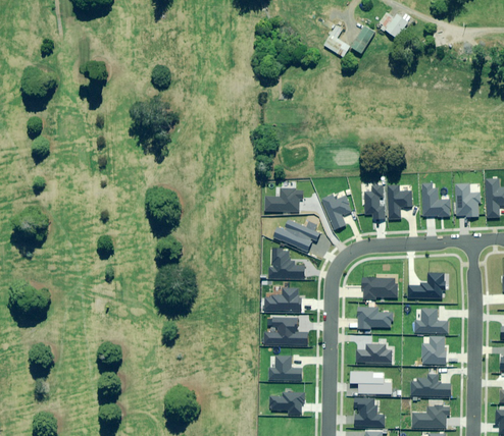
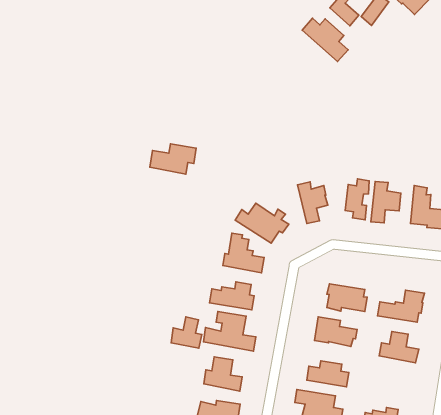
building: none -> [302,18,348,62]
building: [266,187,303,211] -> [150,144,196,174]
building: none -> [171,317,202,348]
building: [422,336,446,364] -> none

